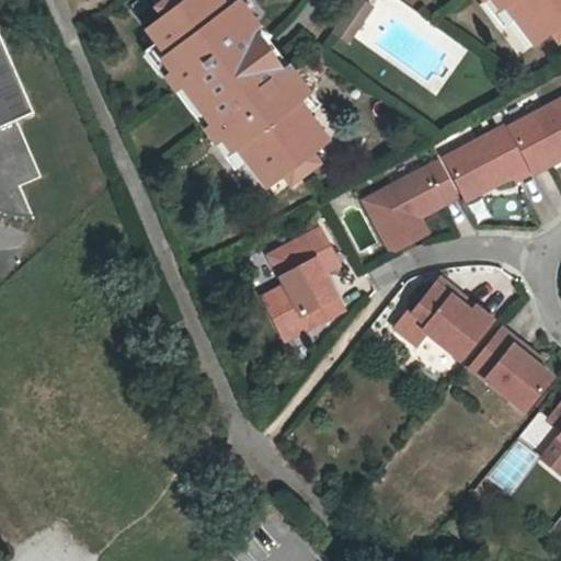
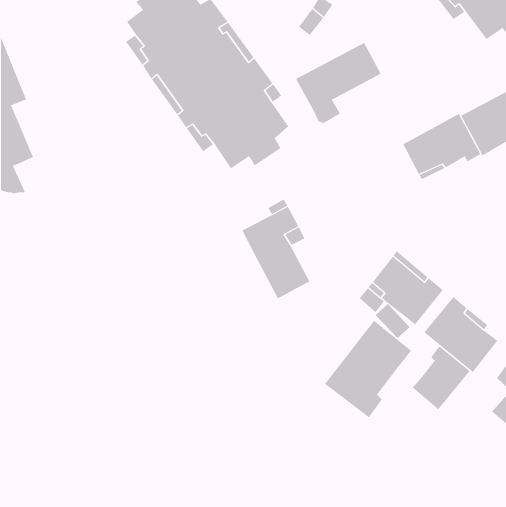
building: [364,159,459,249] -> [295,42,382,124]
building: [262,284,307,339] -> none
building: none -> [324,320,412,418]
building: none -> [412,346,471,410]

